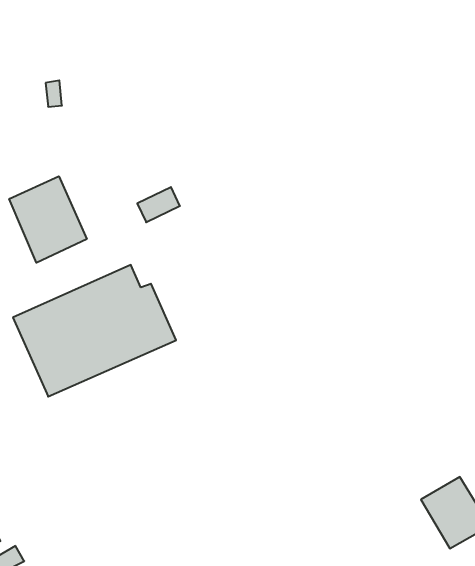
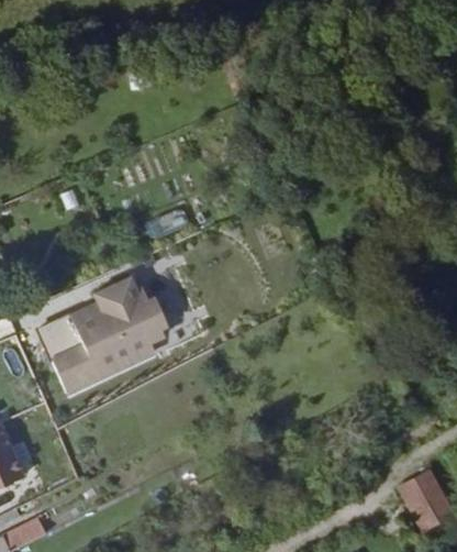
building: [9,176,87,263] -> none

